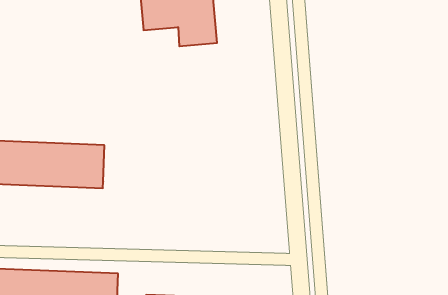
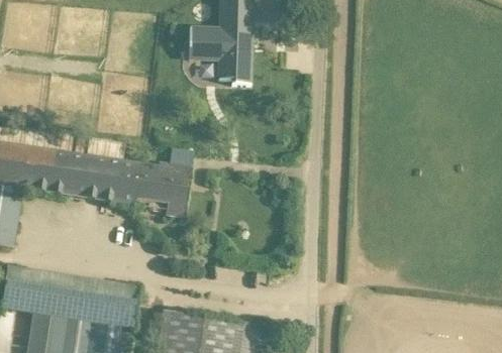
building: none -> [129,162,187,215]

